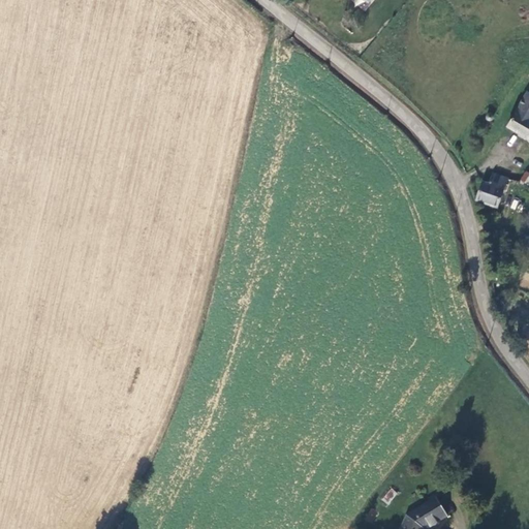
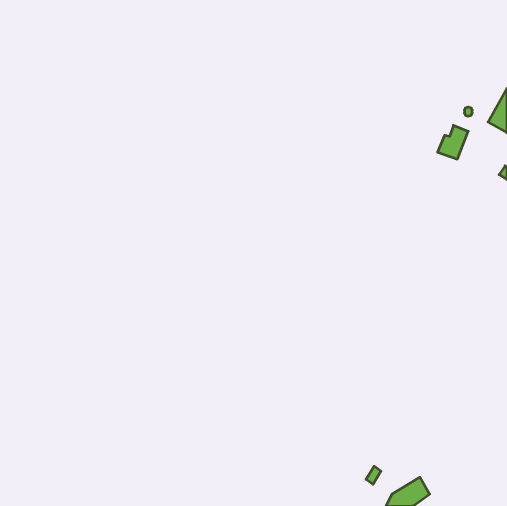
building: [476,172,508,207] -> [438,125,468,159]

